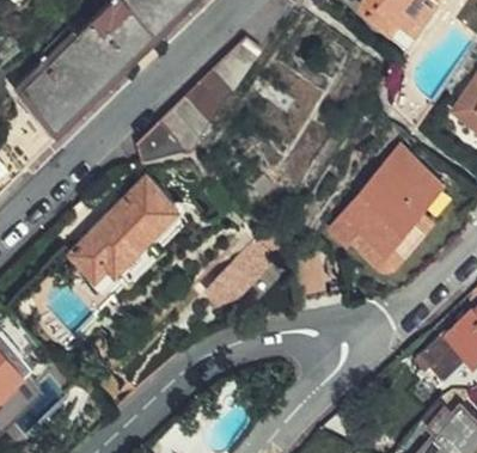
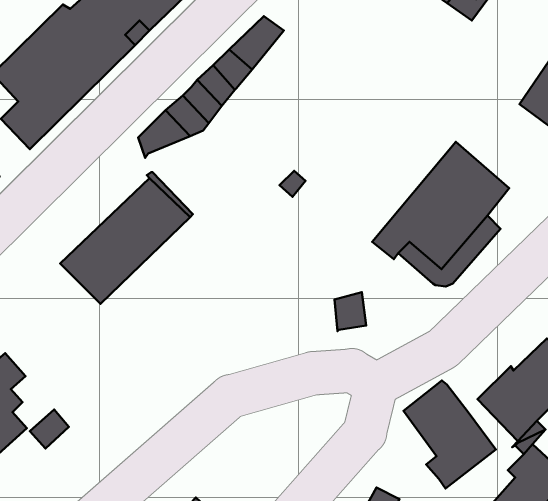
building: [201,243,274,311] -> none
building: none -> [403,381,496,488]

